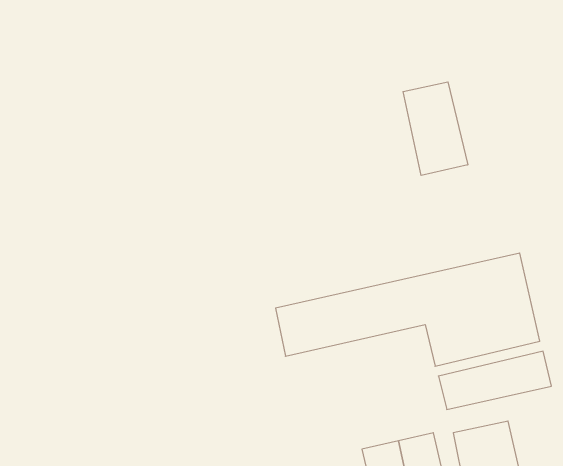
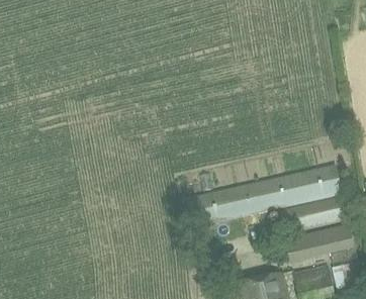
building: [403,82,468,175] -> none

